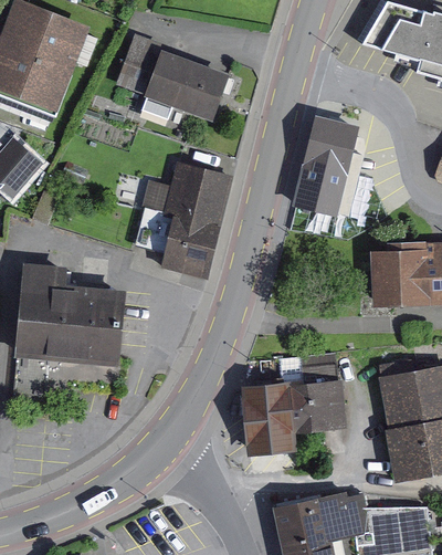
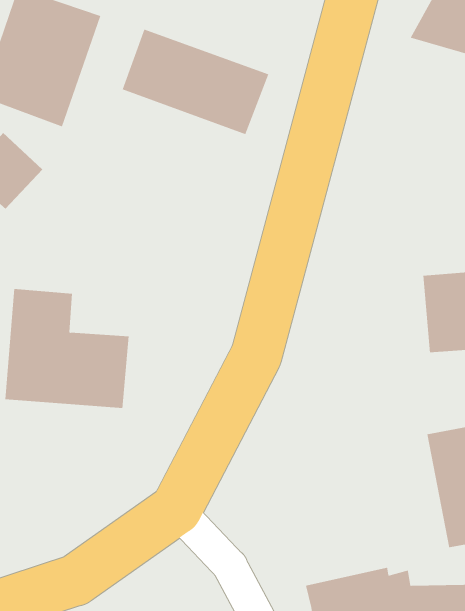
building: [292,93,368,224] -> none
building: [134,167,227,276] -> none
building: [246,378,345,441] -> none

